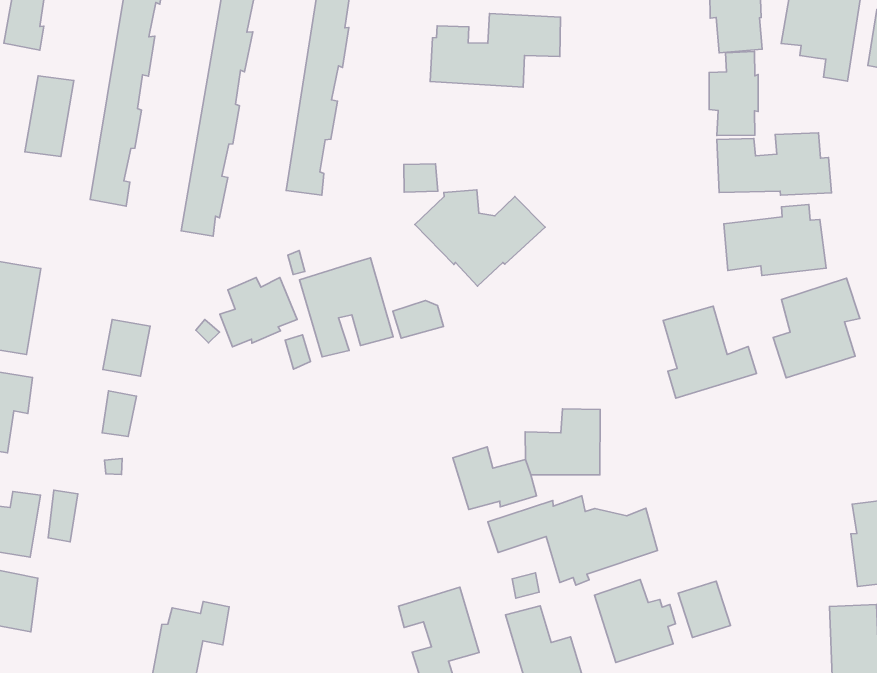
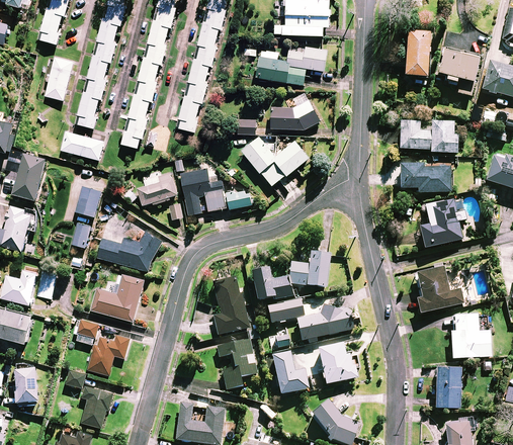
building: [709,52,758,136] -> none
building: none -> [269,99,320,129]
building: none -> [61,131,104,160]
building: [663,306,756,398] -> [418,265,463,310]
building: none -> [97,234,161,271]
building: none -> [212,277,249,335]
building: none -> [91,273,145,321]
building: none -> [76,320,99,344]
building: [678,581,731,637] -> none

